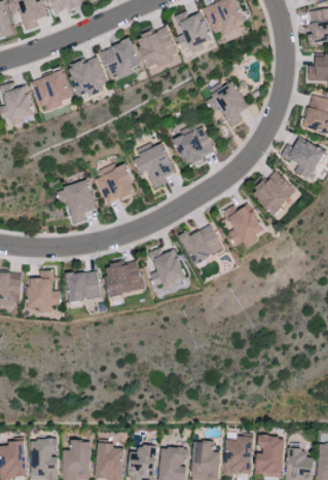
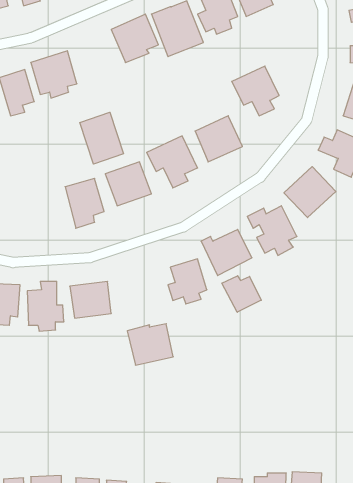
building: [68,57,107,99] -> none
building: none -> [80,112,124,164]
building: [103,261,143,297] -> [127,324,173,365]
building: none -> [222,276,261,312]

